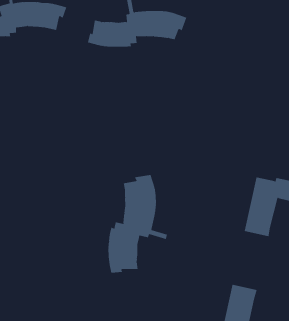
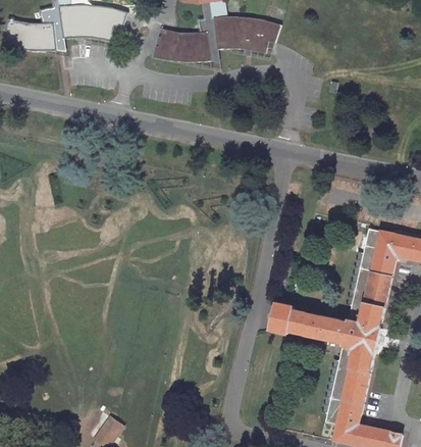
building: [108,174,168,274] -> none
building: none -> [271,298,386,373]

